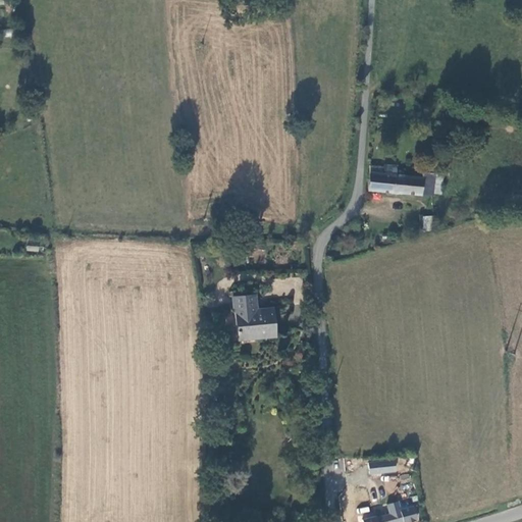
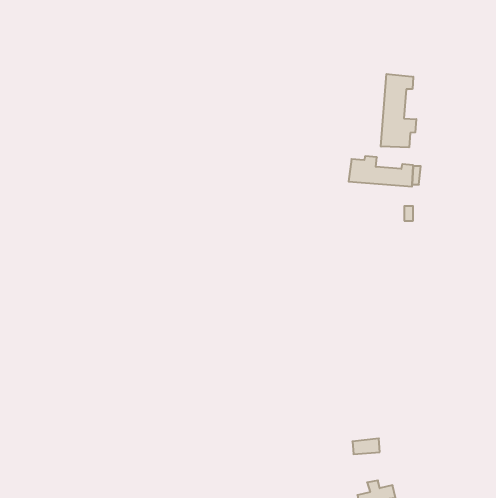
building: none -> [381,74,416,147]
building: [232,295,275,338] -> none

